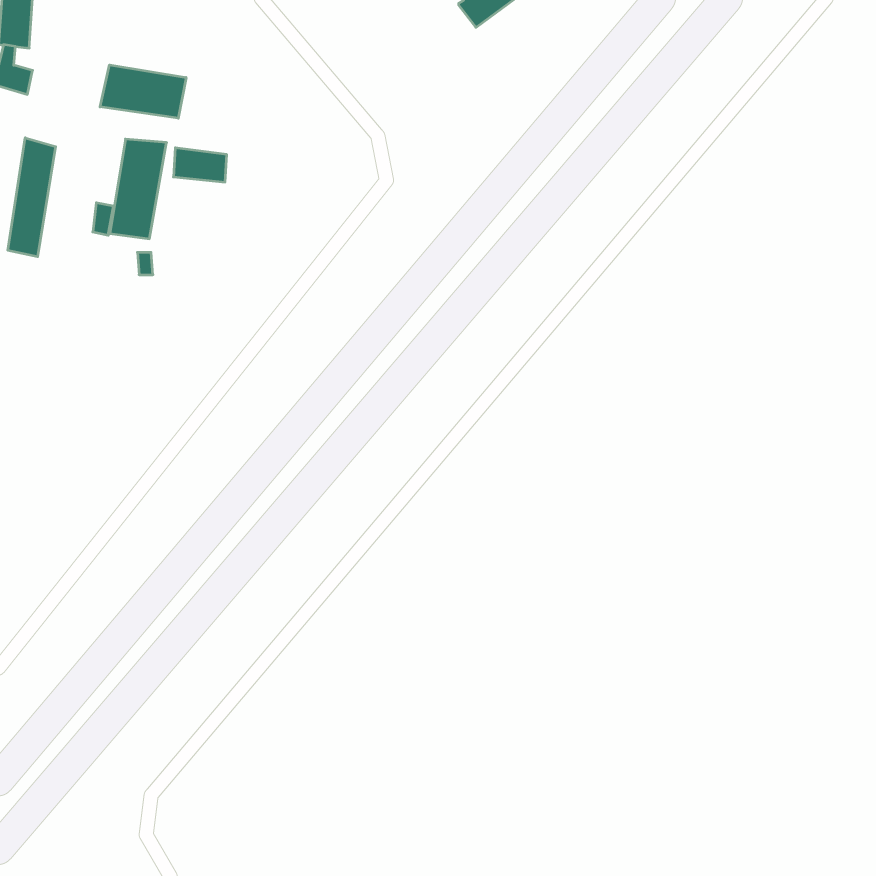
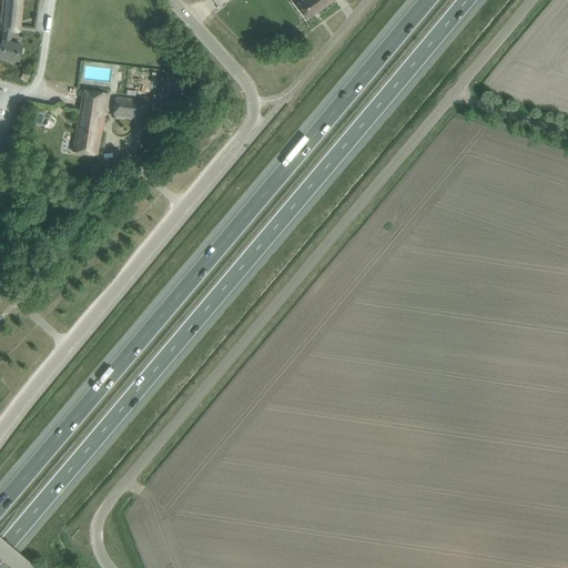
building: [100,65,186,118] -> none
building: [8,138,56,257] -> none

